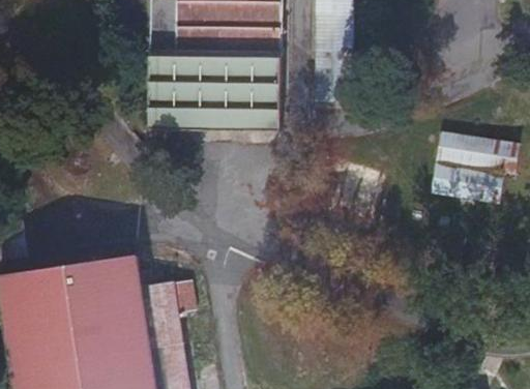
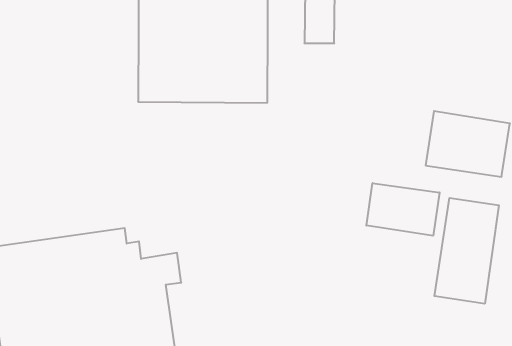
building: none -> [366,183,440,236]
building: none -> [434,198,499,304]

